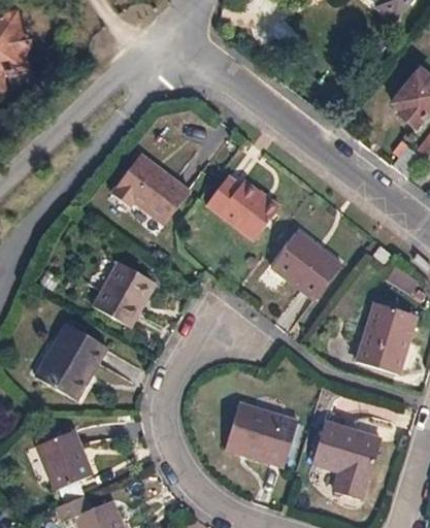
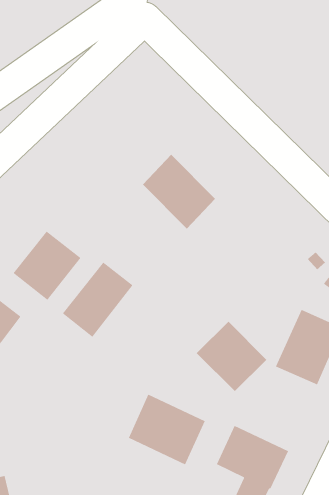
building: [113,154,191,226] -> none
building: [272,232,341,299] -> [196,321,267,392]
building: none -> [62,261,134,338]

